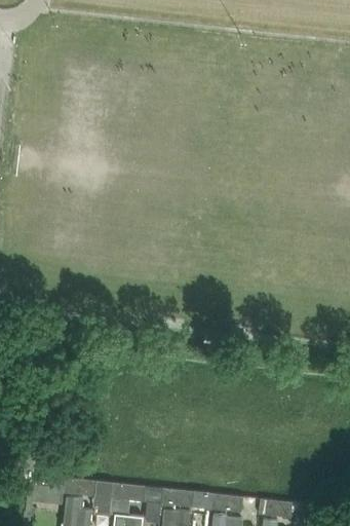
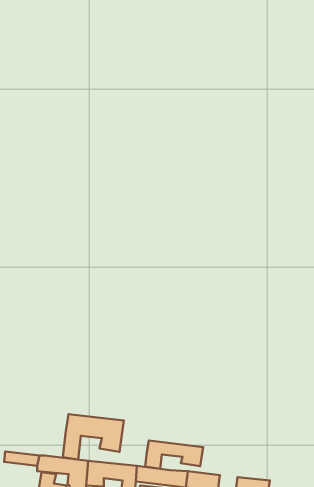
building: none -> [63,414,124,459]
building: none -> [145,440,203,469]

